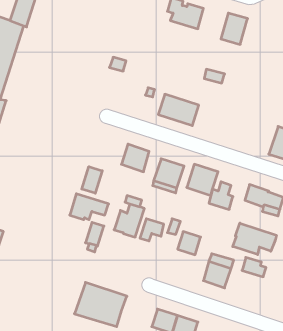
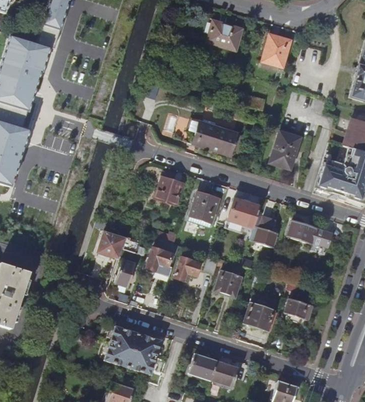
building: none -> [269,131,300,169]
building: [82,167,102,193] -> none
building: [233,223,276,255] -> none

